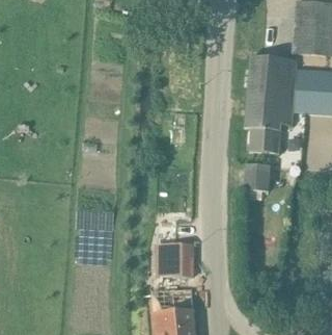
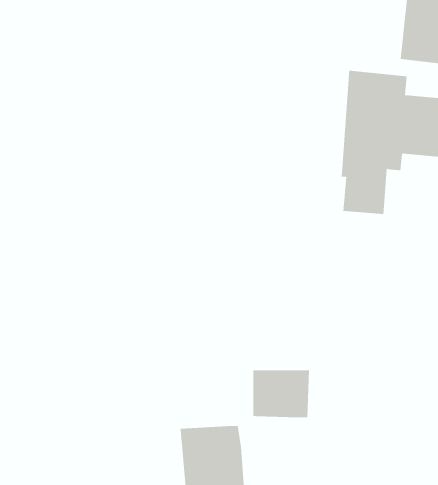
building: [242,164,269,191] -> none
building: [155,246,193,278] -> [252,370,310,418]

